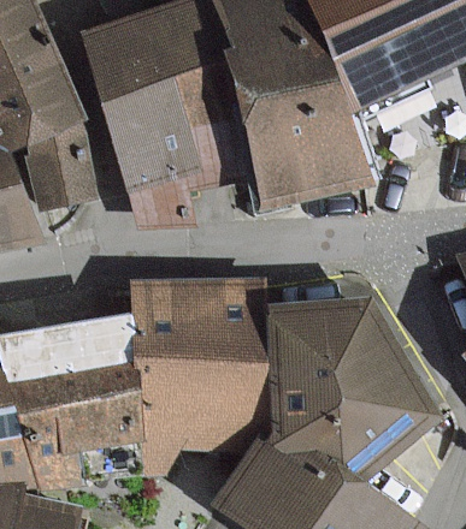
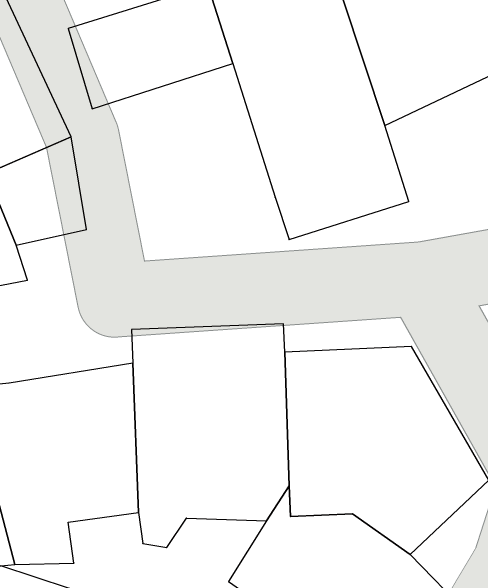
building: [101,57,258,228] -> none

